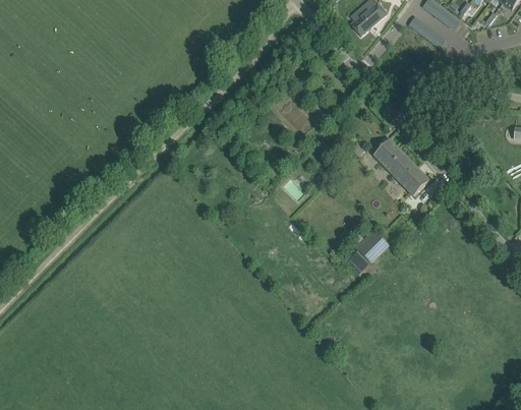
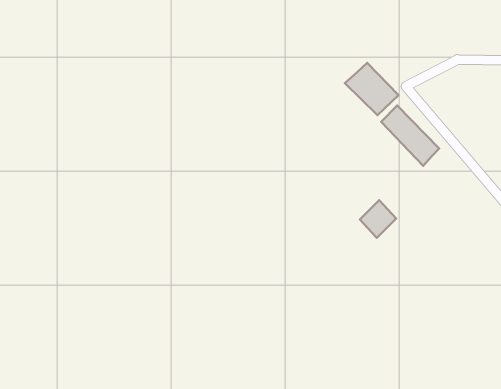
building: none -> [345,63,399,115]

